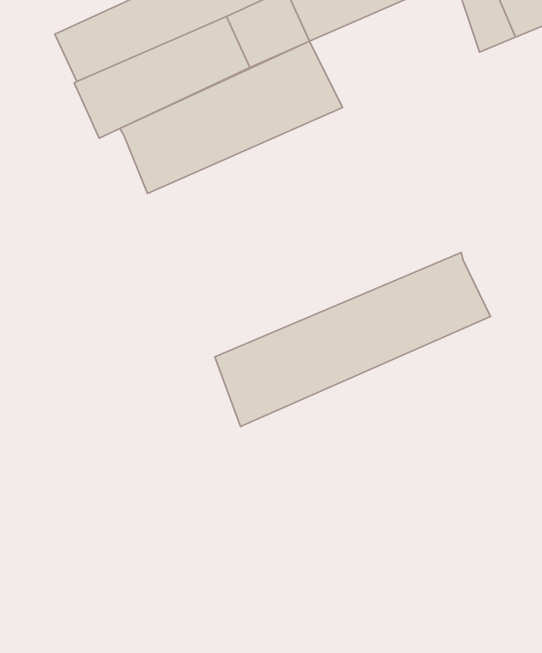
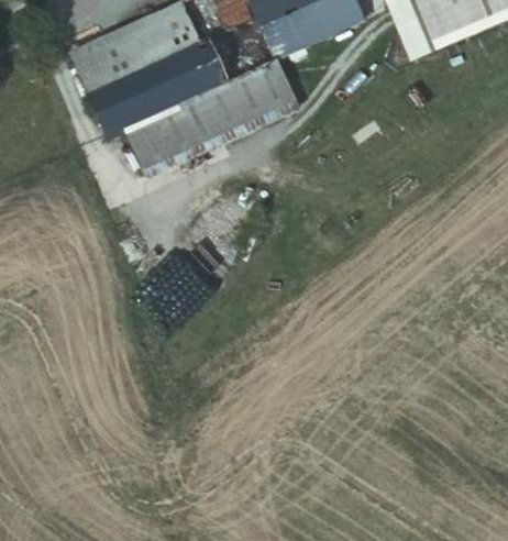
building: [215,252,490,426] -> none

